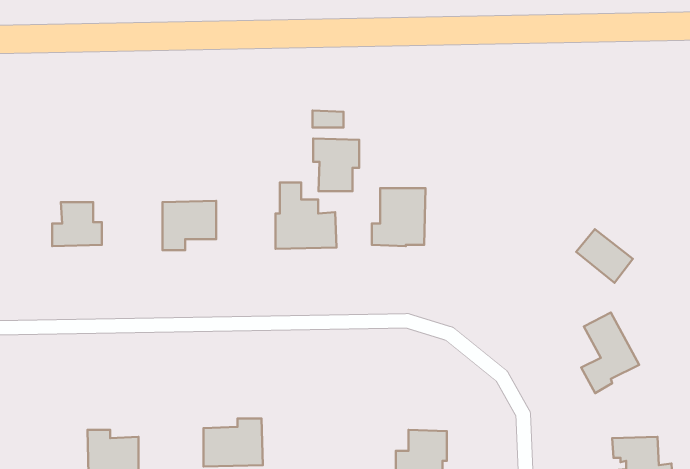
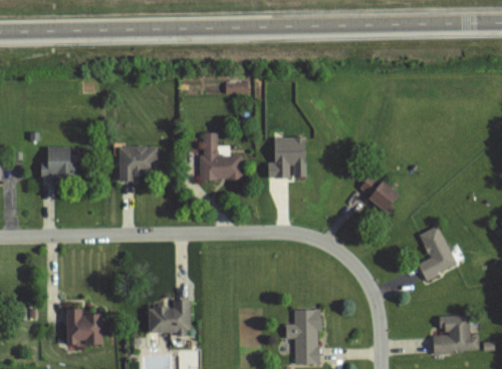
building: [313,139,359,191] -> none
building: [576,229,633,283] -> [357,172,398,211]

